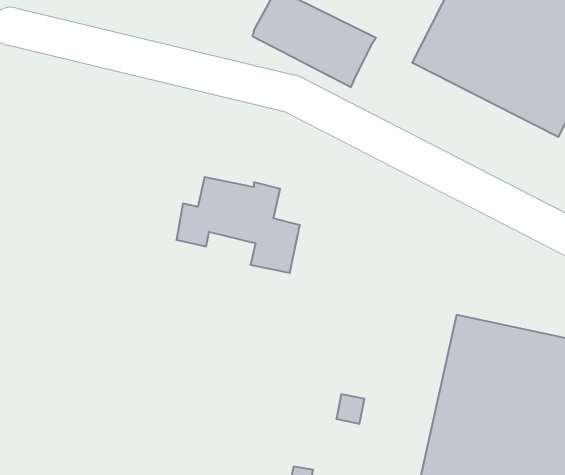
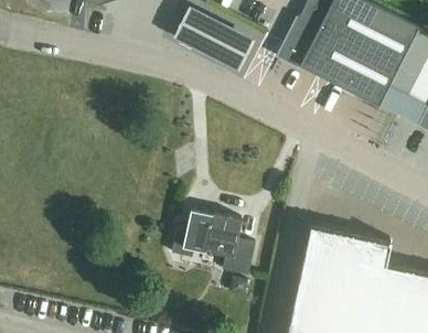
building: [176,177,300,273] -> [172,212,255,276]

